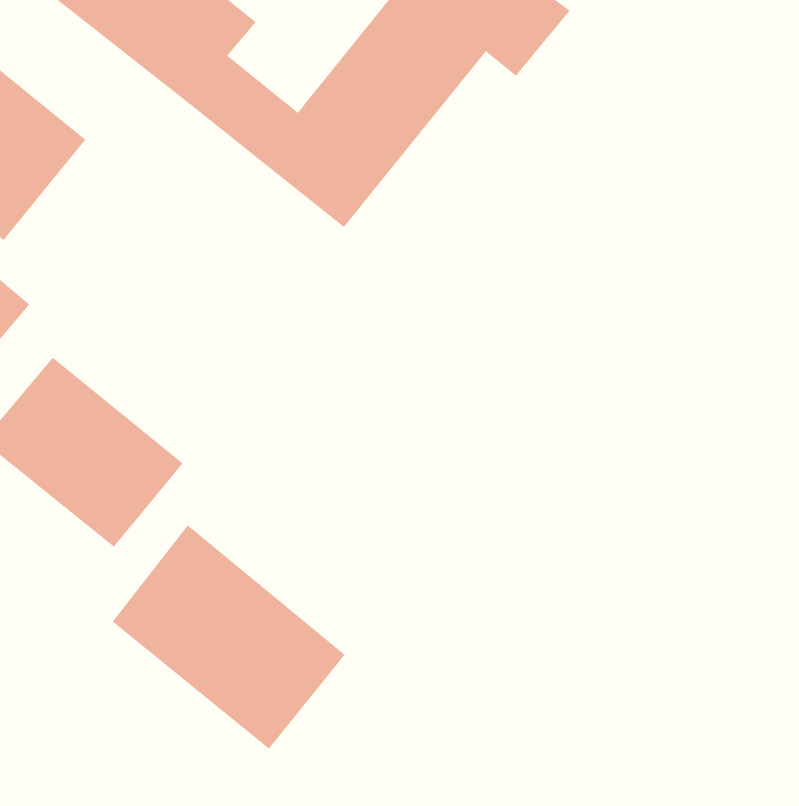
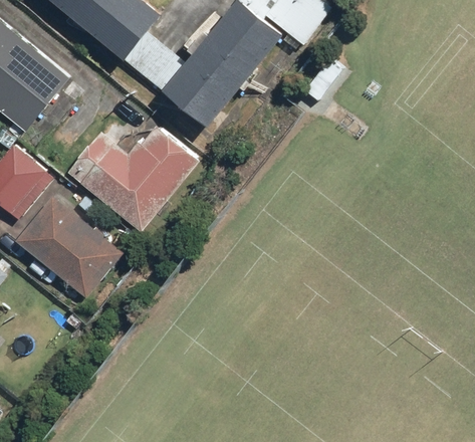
building: none -> [66,126,199,232]
building: [112,525,345,750] -> none

